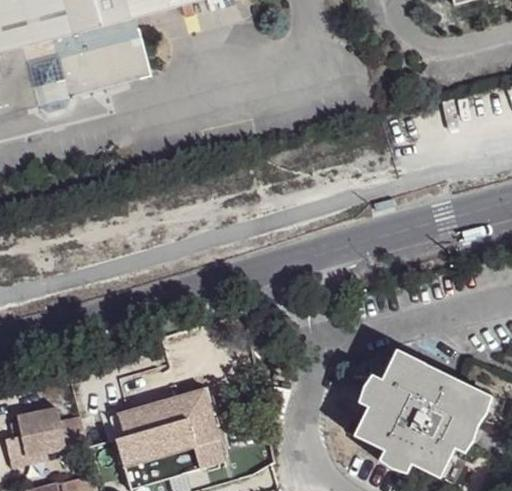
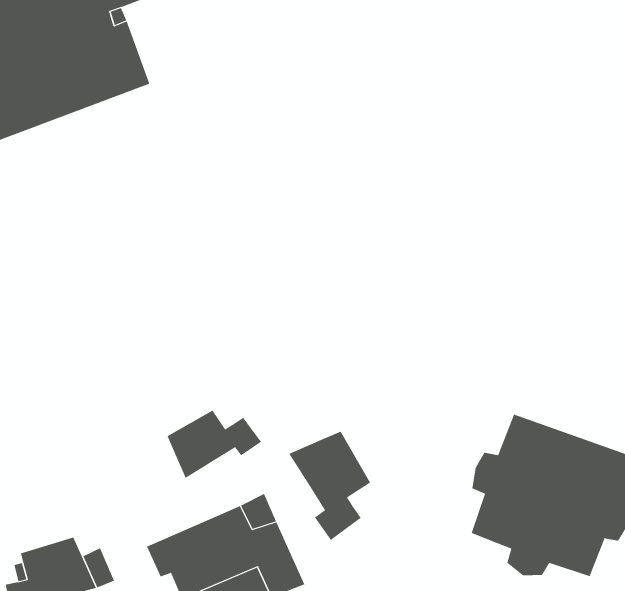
building: none -> [167,410,262,479]
building: none -> [289,431,371,541]

